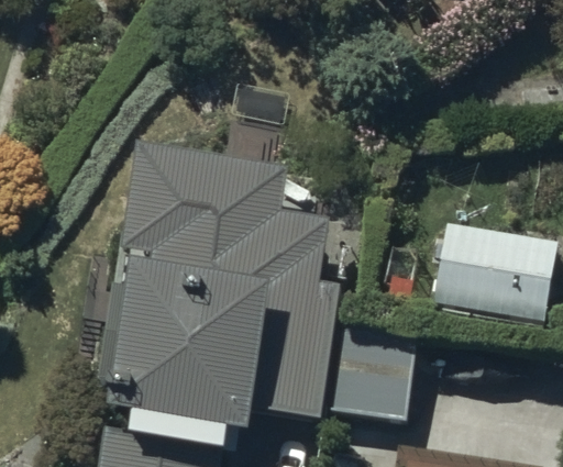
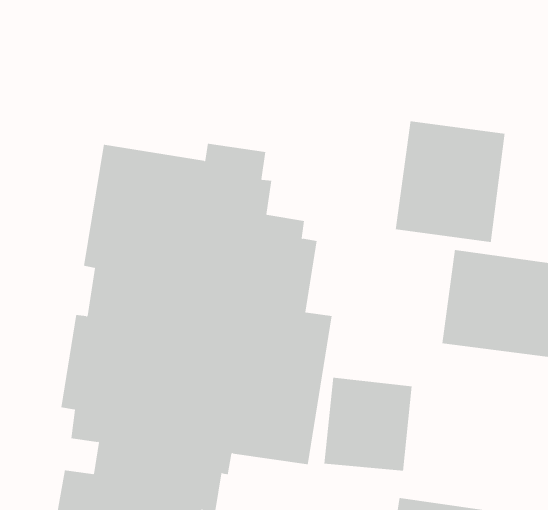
building: none -> [395,121,505,243]

